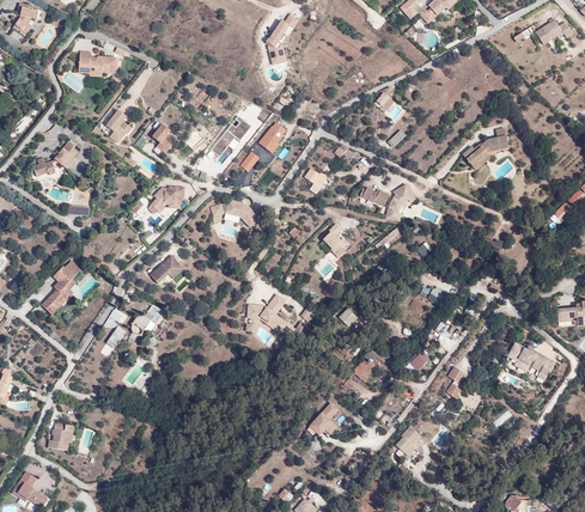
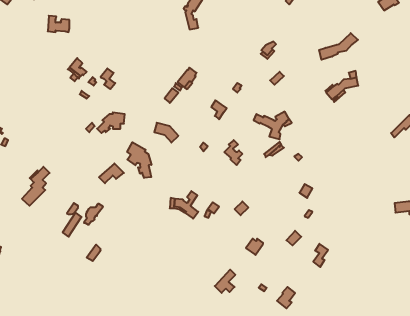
building: none -> [319,33,358,60]
building: [209,114,251,156] -> none
building: [33,140,77,181] -> none
building: none -> [127,142,151,178]
building: [507,342,555,379] -> none
building: [49,422,75,450] -> none

